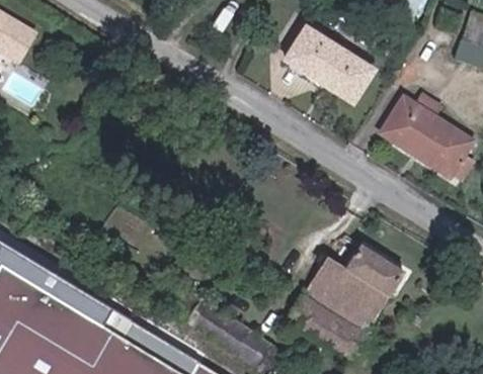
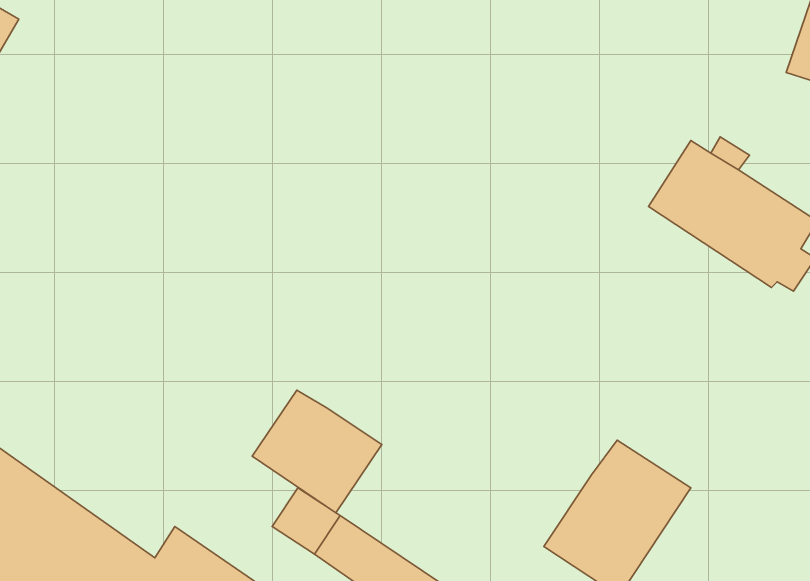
building: [278,24,376,107] -> none
building: none -> [252,390,382,513]
building: [304,269,347,318] -> none

